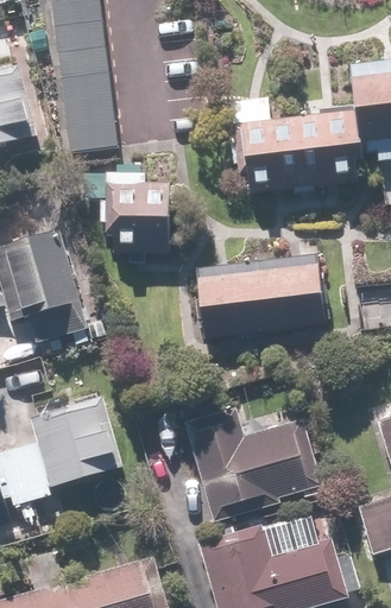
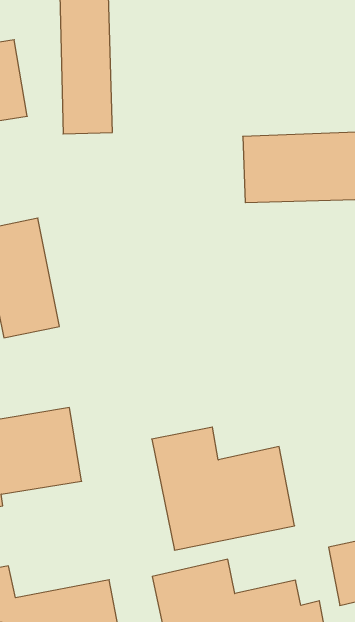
building: [111,188,171,251] -> none
building: [195,256,326,340] -> none

